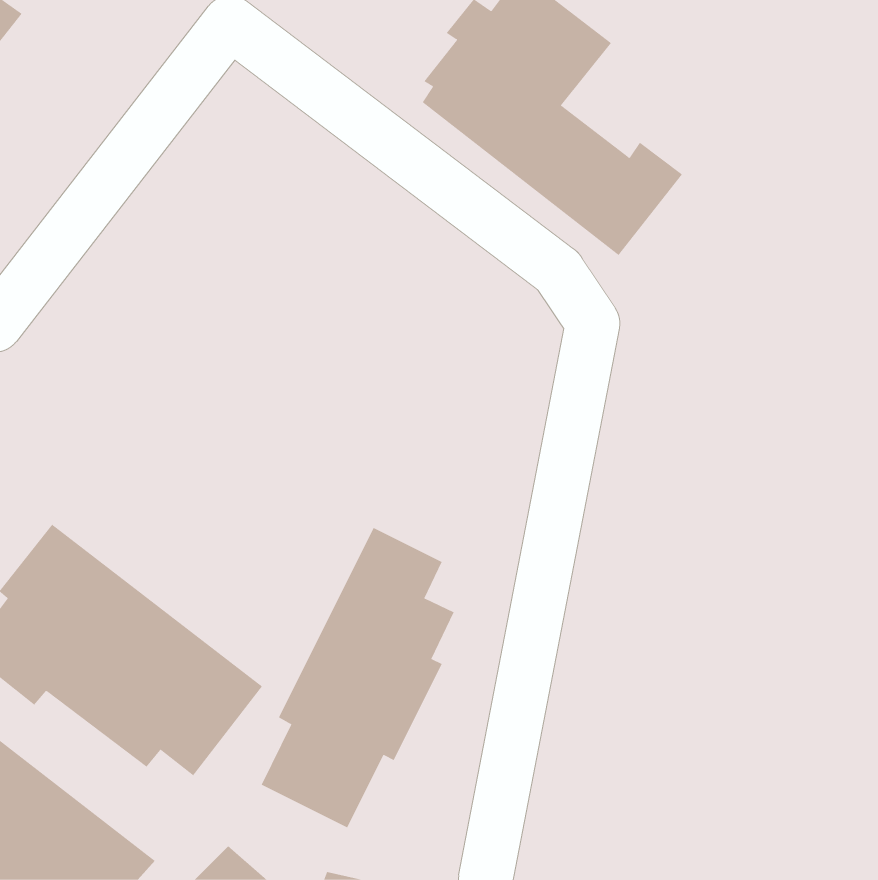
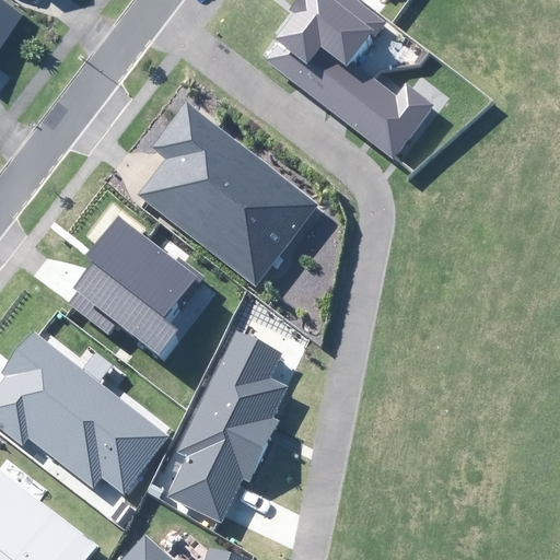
building: none -> [131,101,320,291]
building: none -> [68,218,202,358]

